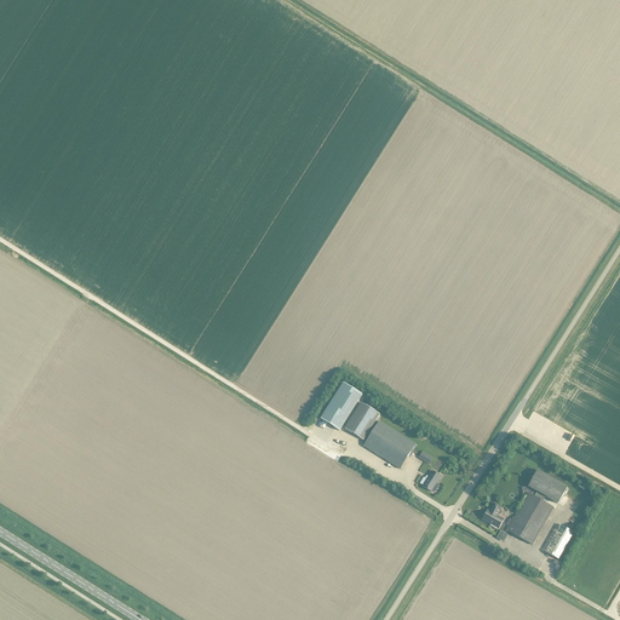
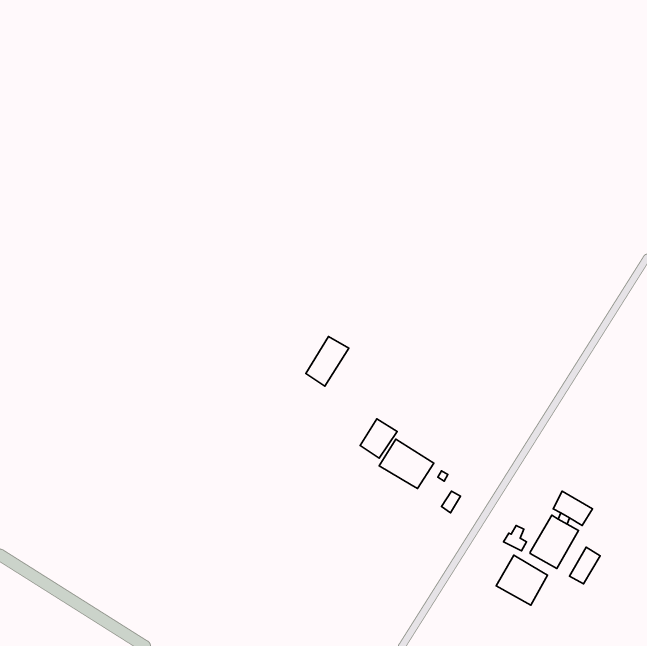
building: [320,381,361,429] -> [306,337,349,386]
building: none -> [496,555,547,605]

